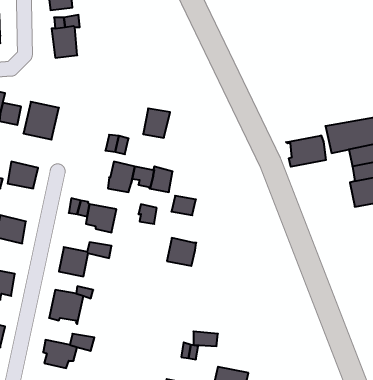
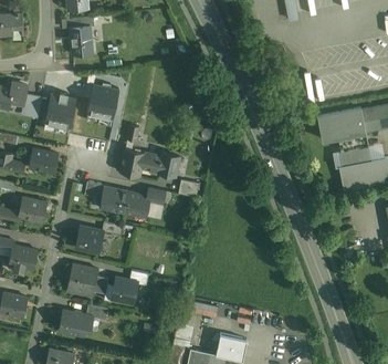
building: [143,108,170,138] -> [90,91,114,117]
building: [286,135,326,167] -> none
building: [167,238,196,266] -> [123,191,149,217]
building: none -> [111,277,137,303]

